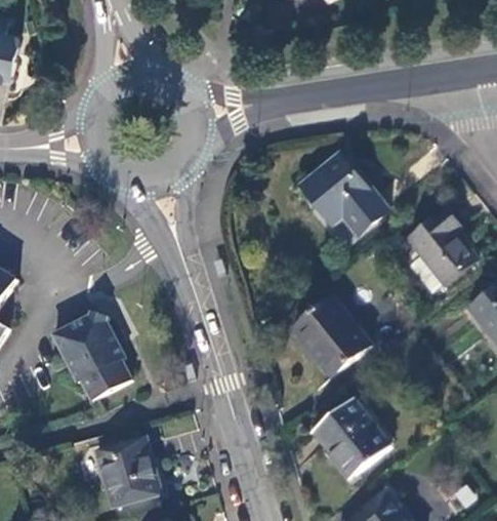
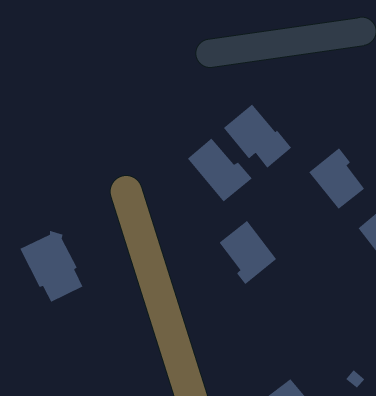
building: none -> [187,138,253,203]
building: [310,399,388,475] -> none
building: [99,438,160,505] -> none

